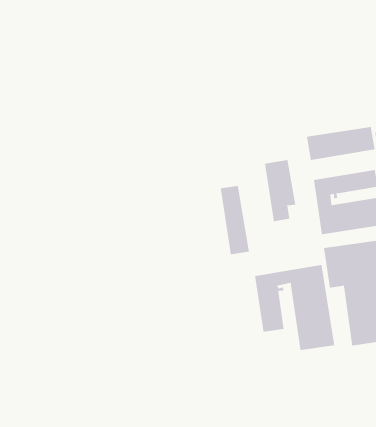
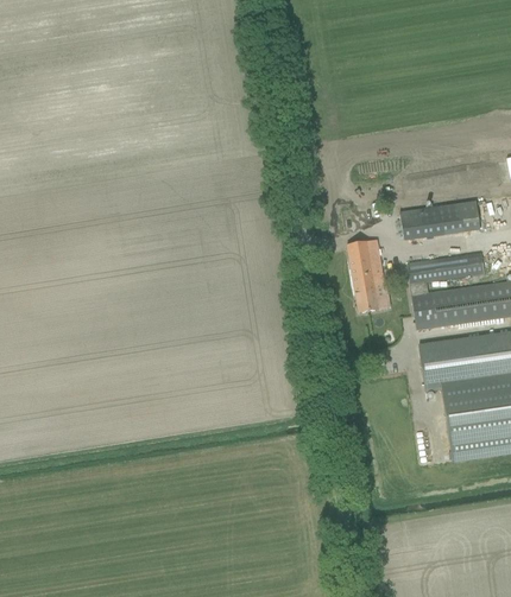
building: [220,185,249,255] -> none
building: [254,264,335,351] -> none

